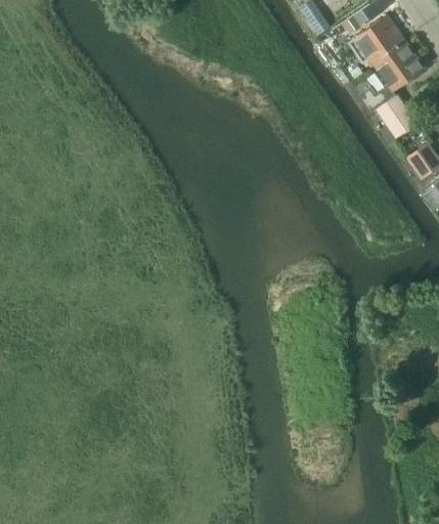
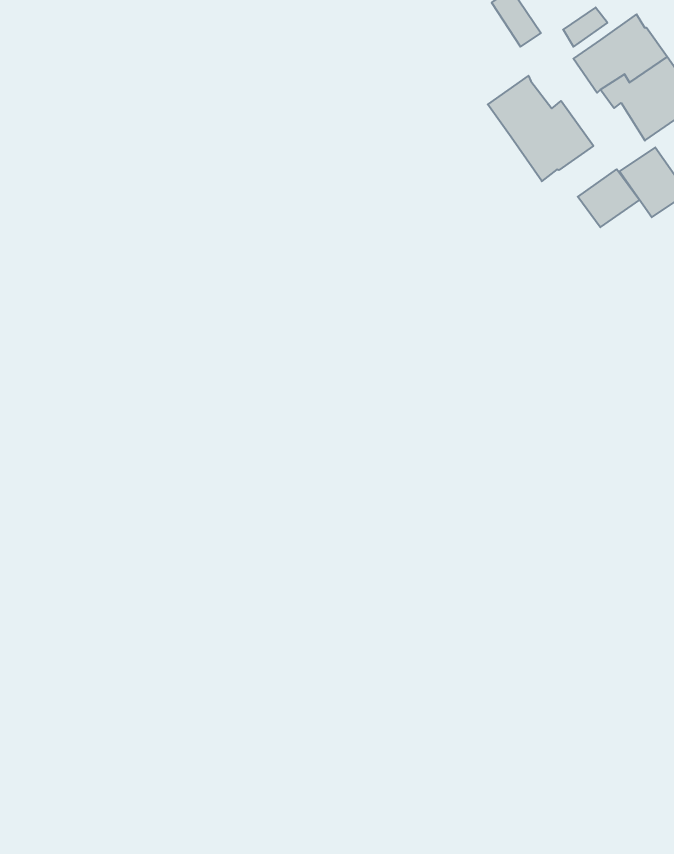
building: none -> [488,76,593,181]
building: none -> [578,169,639,227]

